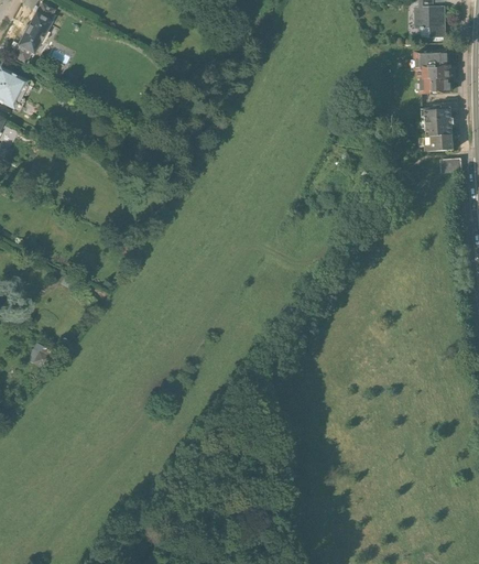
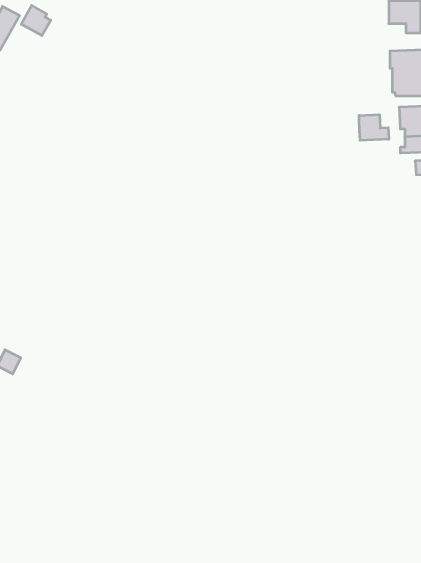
building: none -> [21,5,51,36]
building: none -> [359,115,389,140]

